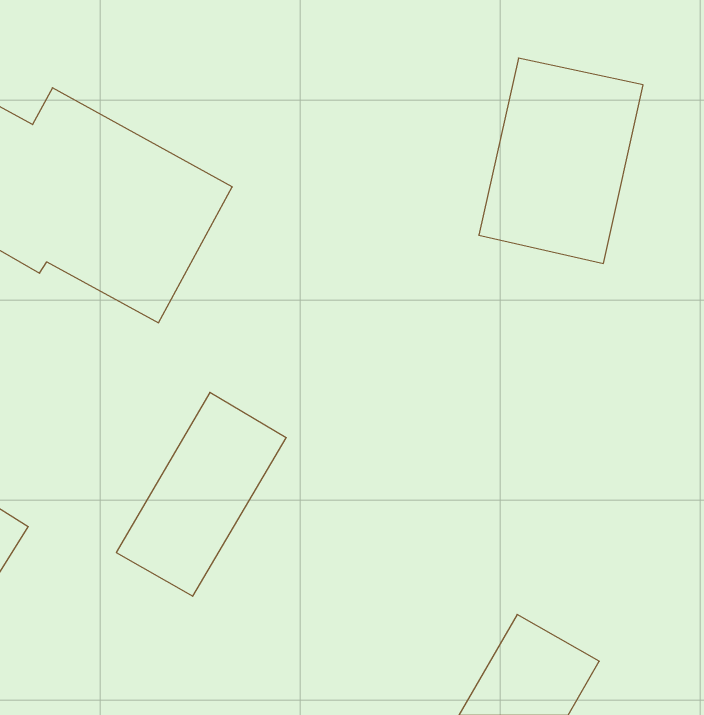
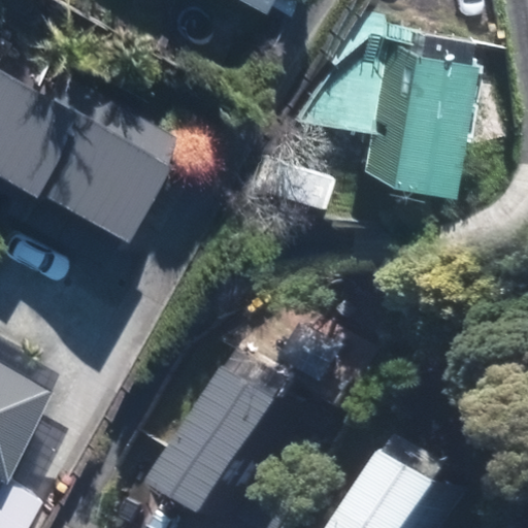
building: [116,392,286,596] -> [152,367,275,516]

